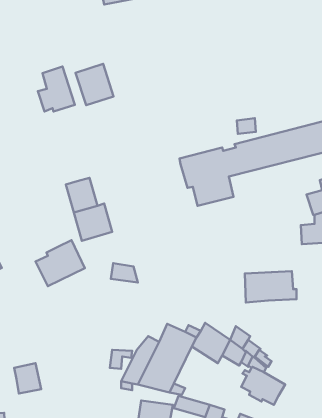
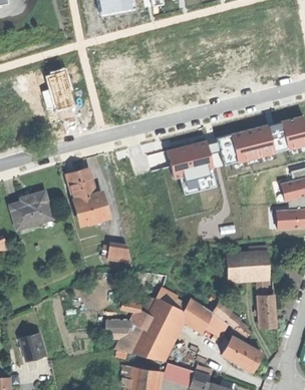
building: [76,64,114,105] -> none
building: [35,240,85,286] -> [12,187,56,229]
building: none -> [258,296,275,327]

